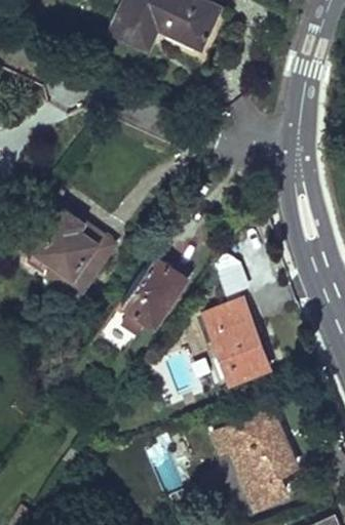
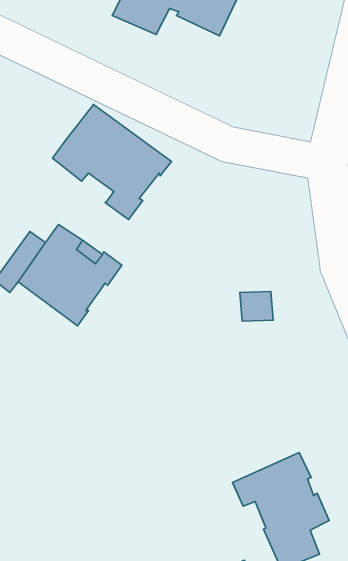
building: none -> [53,105,172,220]
building: [122,254,187,333] -> none
building: [205,299,270,382] -> none

